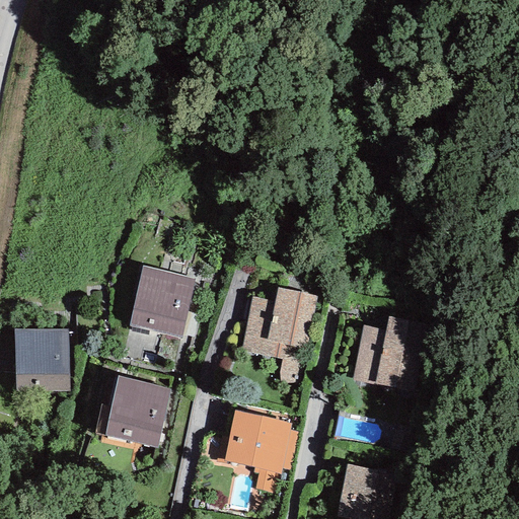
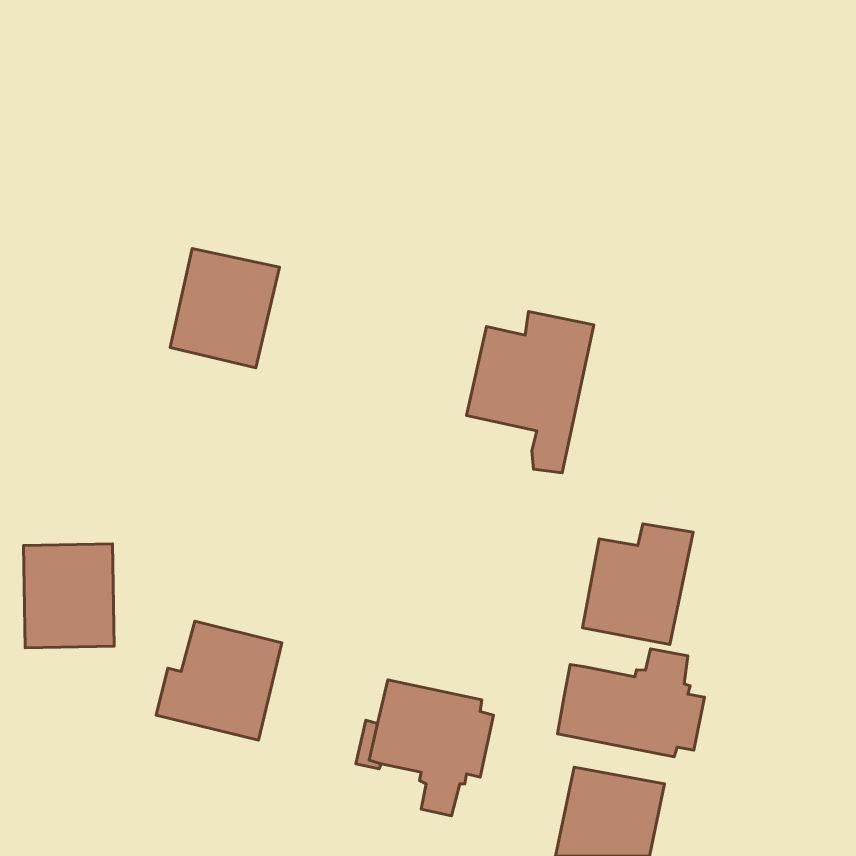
building: [130,266,196,338] -> [170,249,279,368]
building: [240,287,317,384] -> [466,312,594,473]
building: none -> [558,649,705,757]

